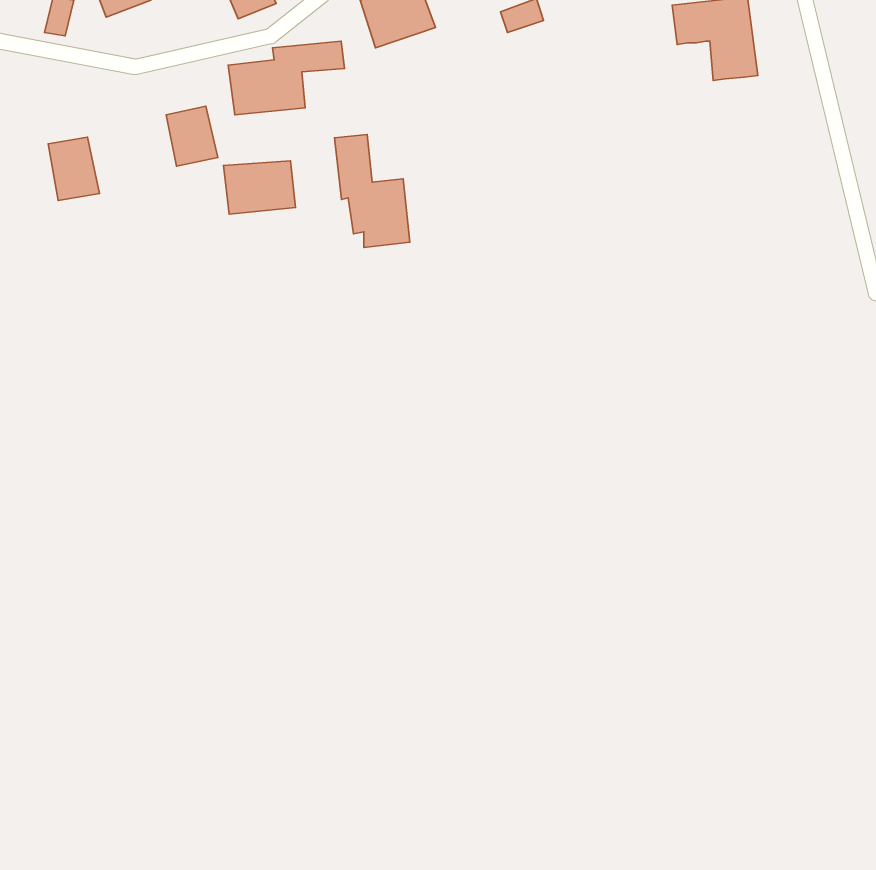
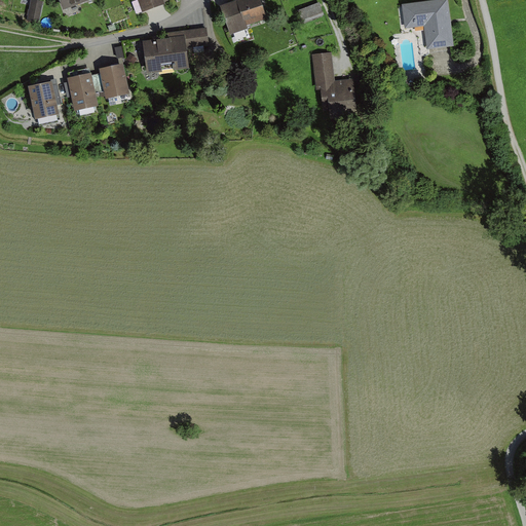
building: none -> [68,73,99,112]
building: [335,134,410,247] -> [312,50,358,118]
building: [224,161,296,214] -> none

